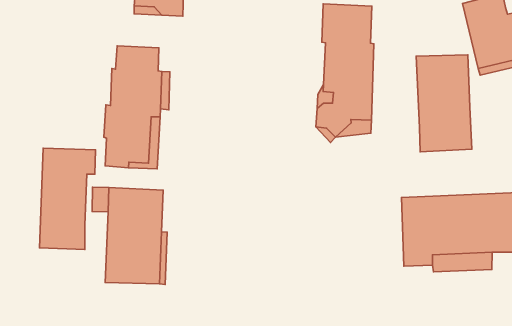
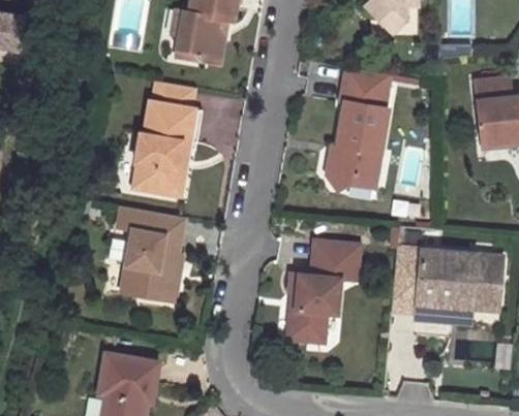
building: [416,55,472,152] -> none
building: [39,148,96,249] -> none
building: none -> [289,243,361,343]

